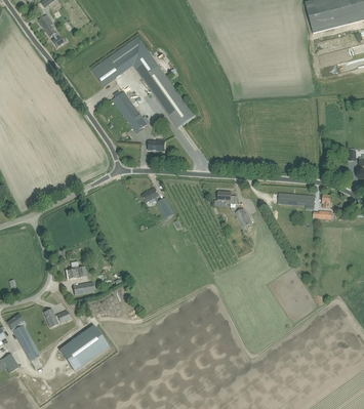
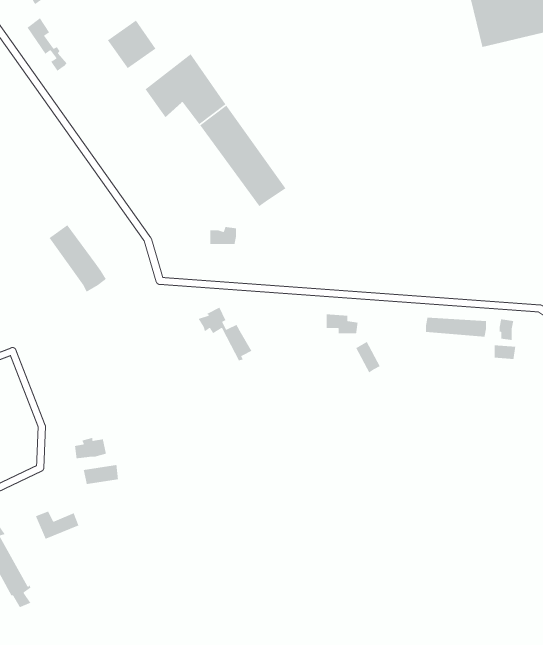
building: [91,56,121,86] -> [107,20,157,69]
building: [112,90,147,131] -> [49,224,107,293]
building: [59,325,108,370] -> none

